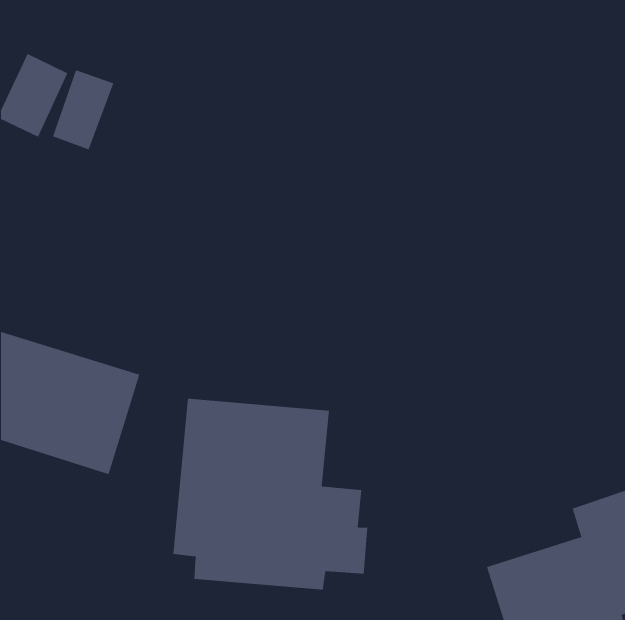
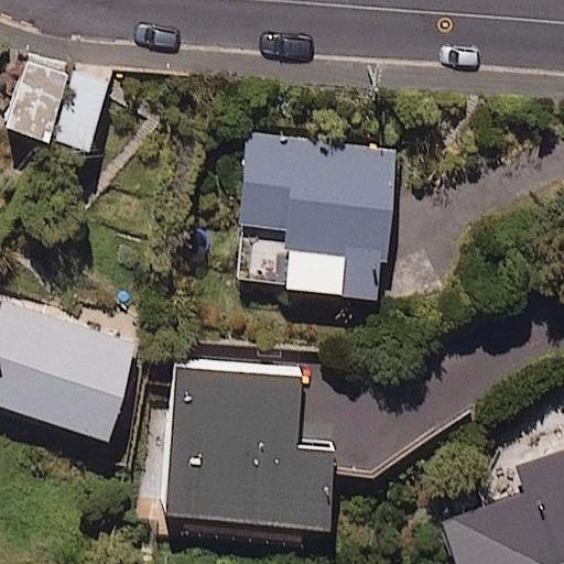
building: none -> [240,142,395,291]

